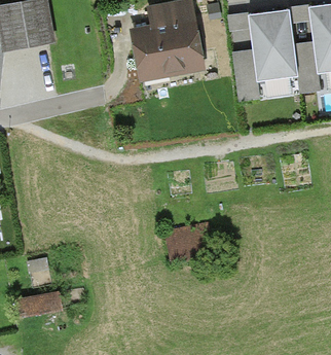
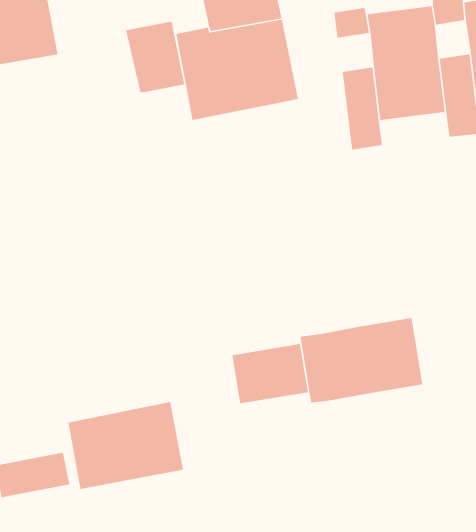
building: none -> [125,21,185,93]
building: none -> [299,317,423,404]
building: none -> [67,401,184,490]

